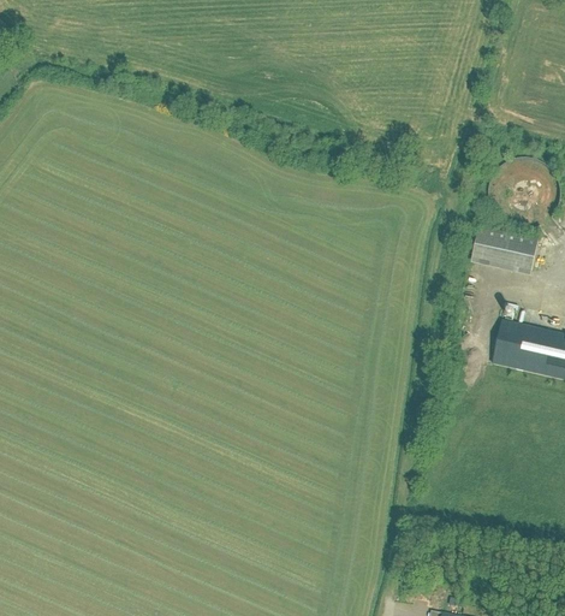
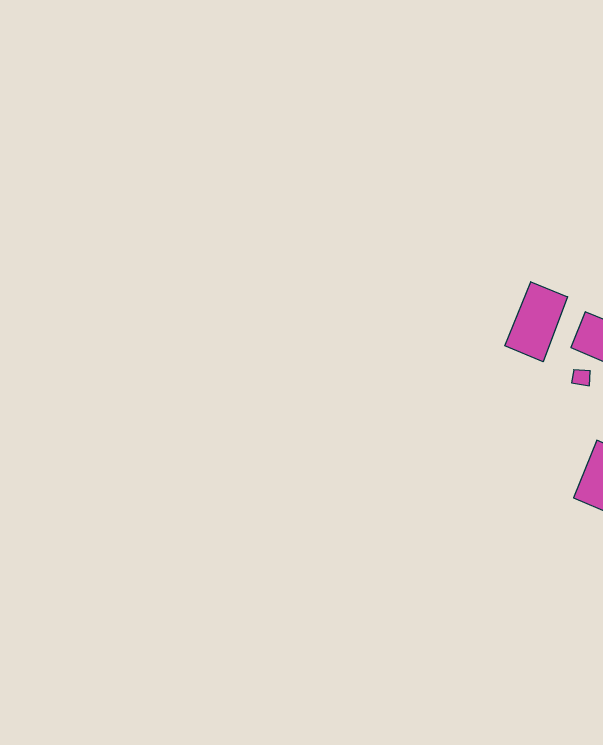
building: none -> [505,282,568,362]

